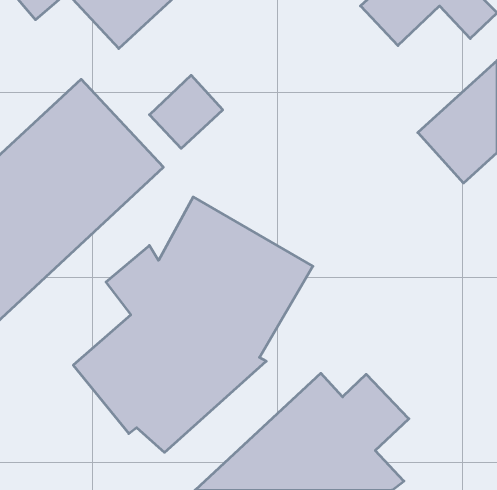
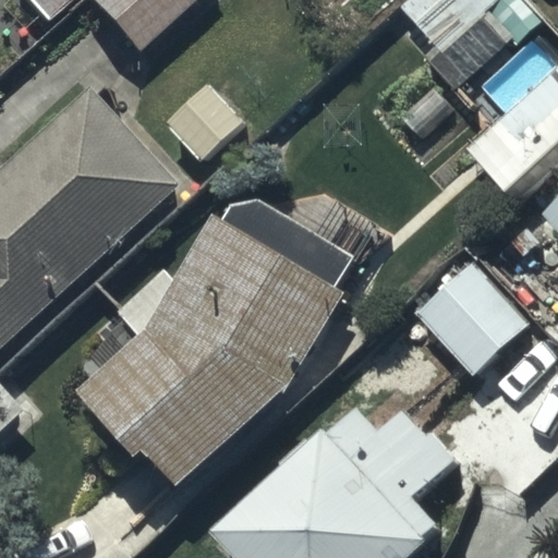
building: none -> [405,250,527,376]

